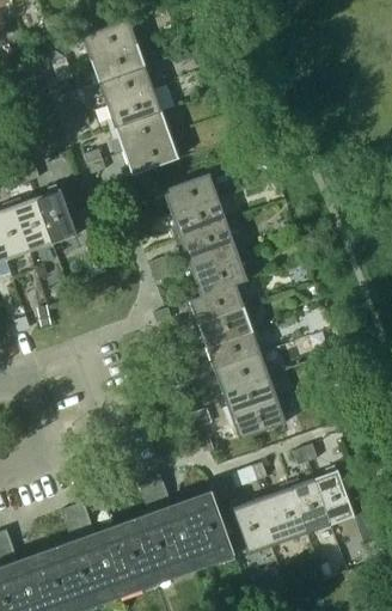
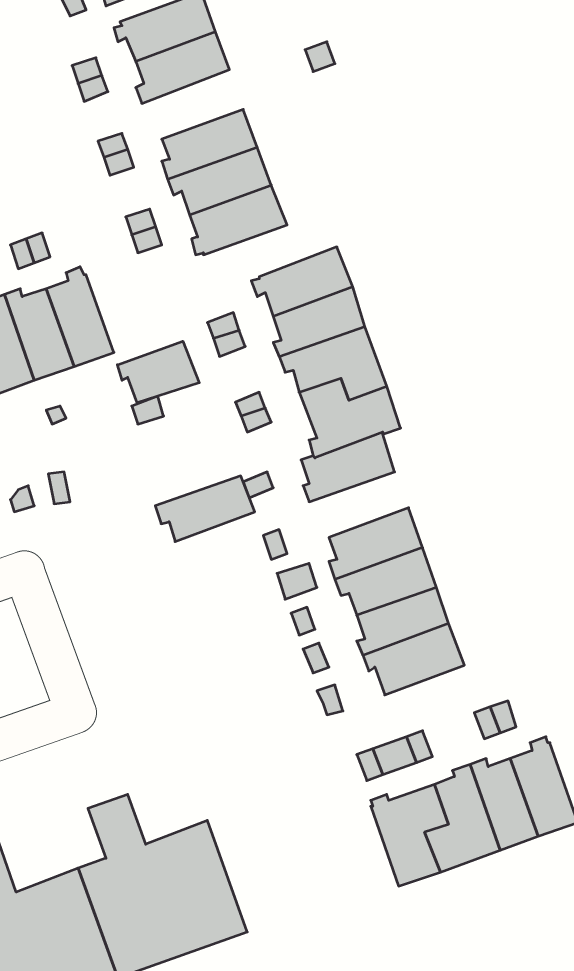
building: [93,66,154,108] -> none
building: none -> [117,341,199,403]
building: [194,307,253,347] -> [155,476,255,542]
building: [133,473,235,583] -> none

